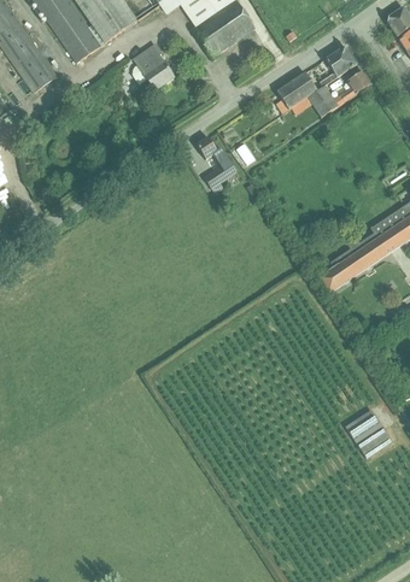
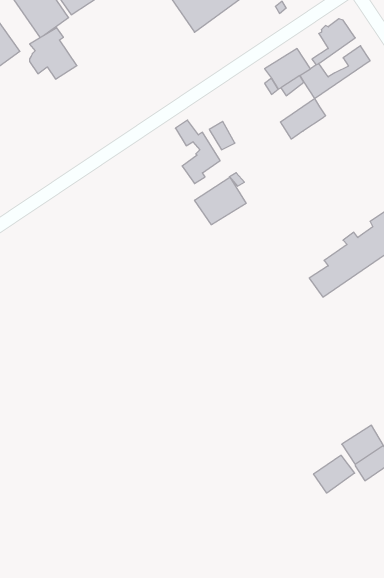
building: [131,43,174,89] -> [30,28,77,79]
building: none -> [280,98,326,139]
building: none -> [195,177,246,225]
building: none -> [314,455,355,493]

